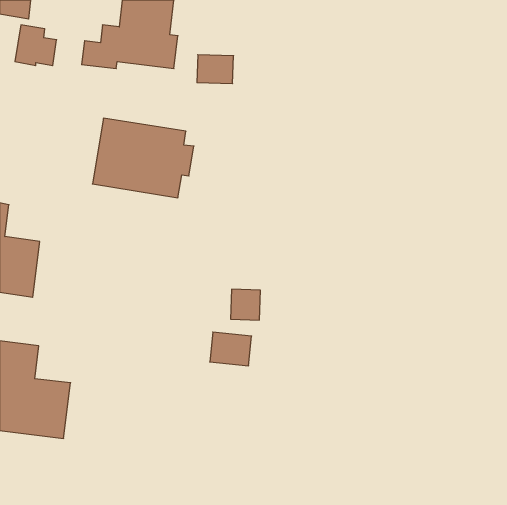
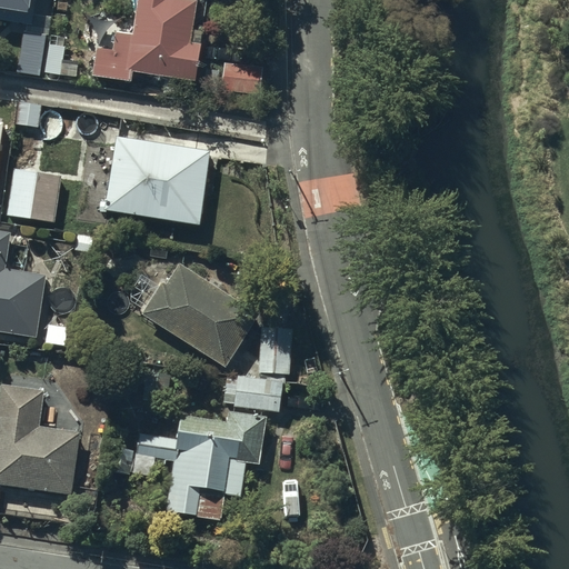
building: none -> [6,170,59,223]
building: none -> [141,262,260,368]
building: none -> [132,411,266,518]

